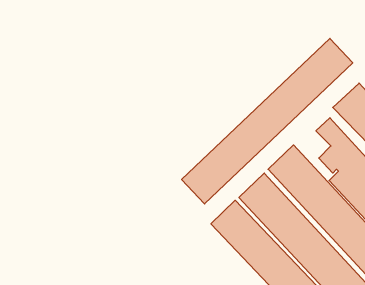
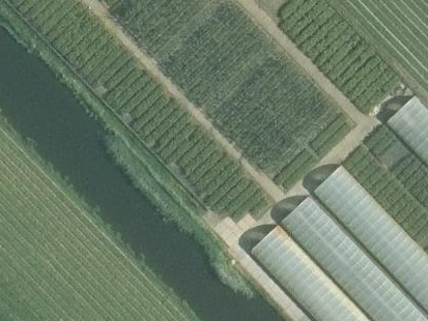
building: [182,38,353,204] -> none

